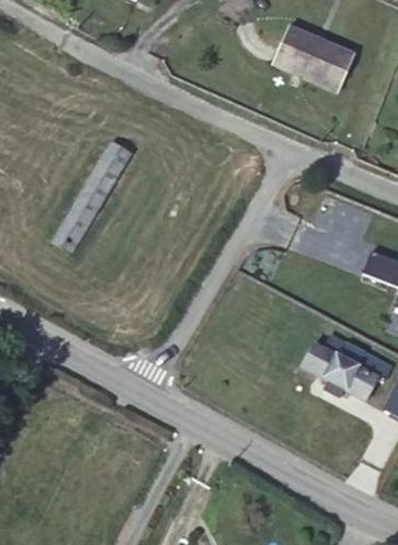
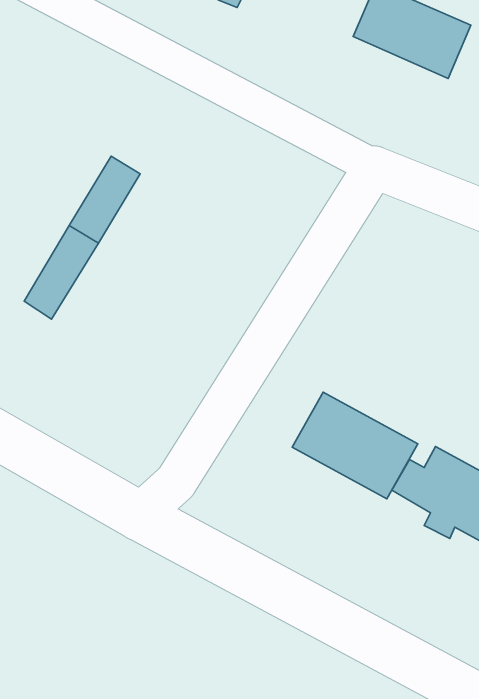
building: none -> [292,392,418,499]

